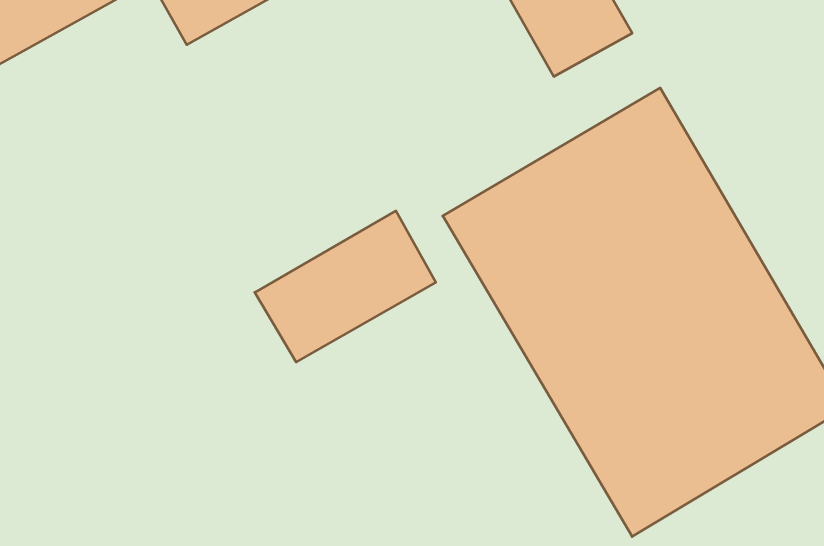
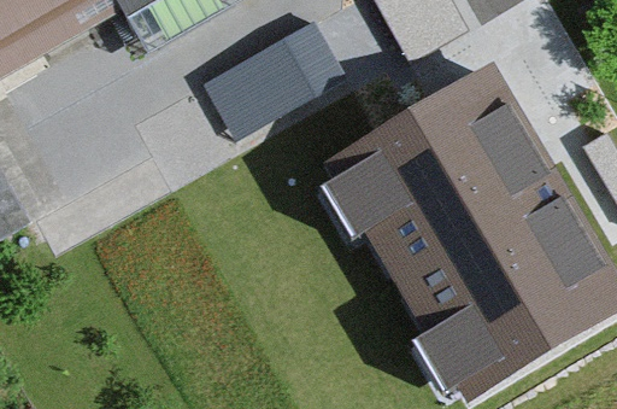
building: [255,211,436,362] -> [211,28,342,138]

